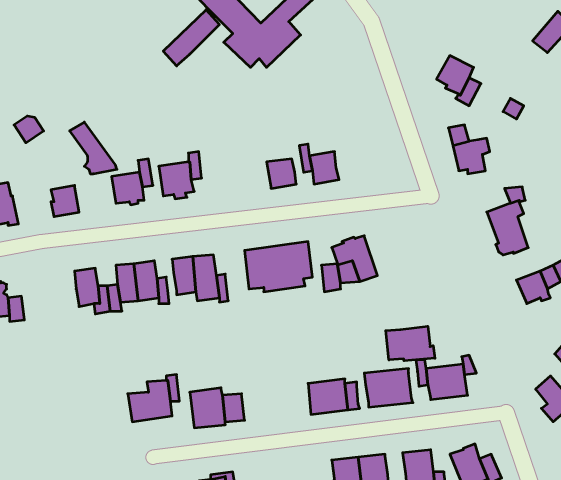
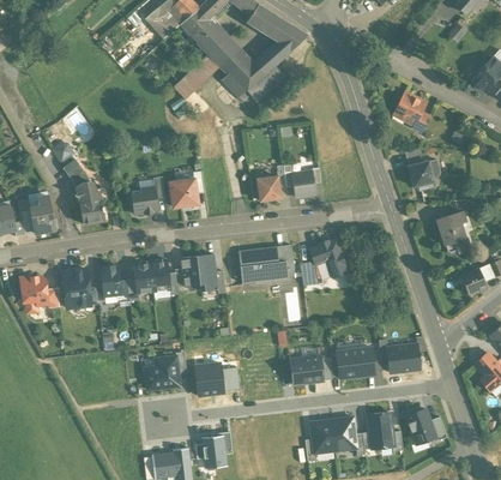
building: [70,122,117,174] -> [62,160,101,202]
building: none -> [62,269,90,307]
building: [386,326,435,361] -> none

